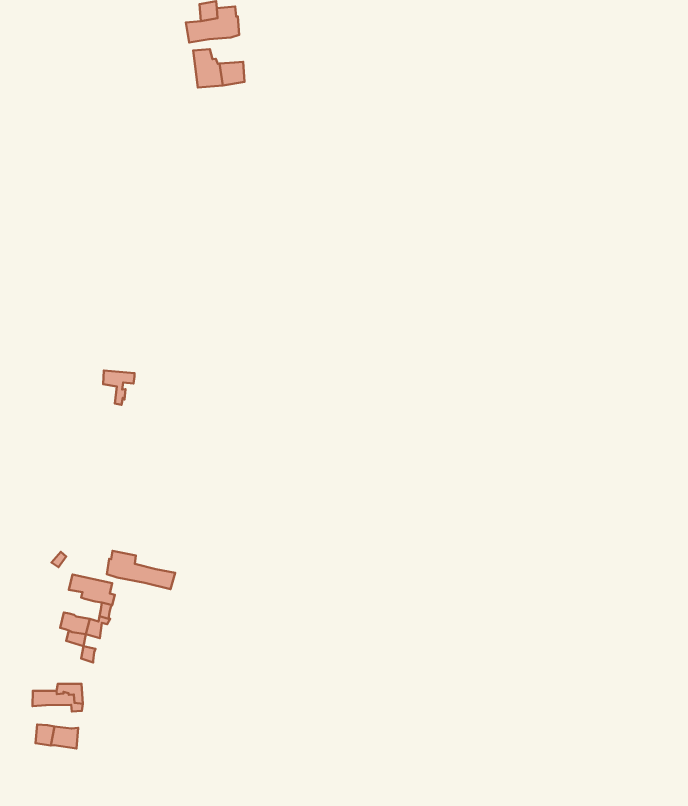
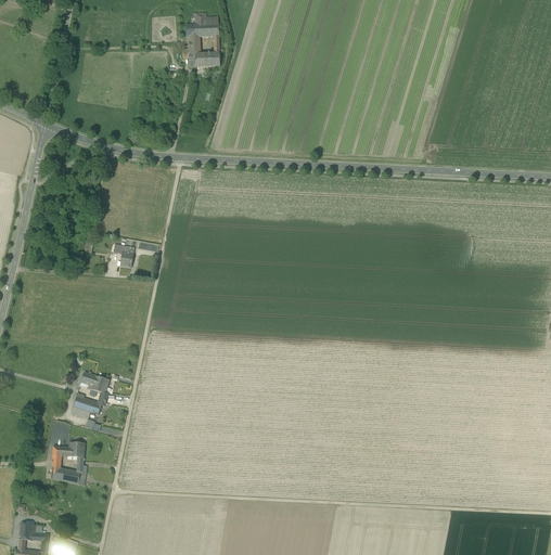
building: [107,551,175,589] -> none

